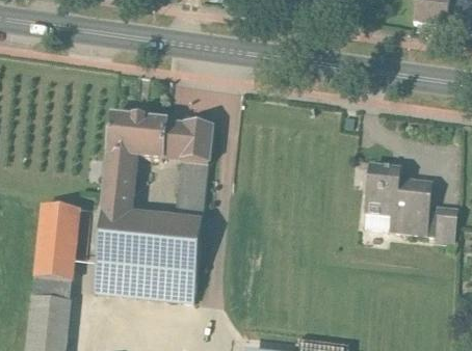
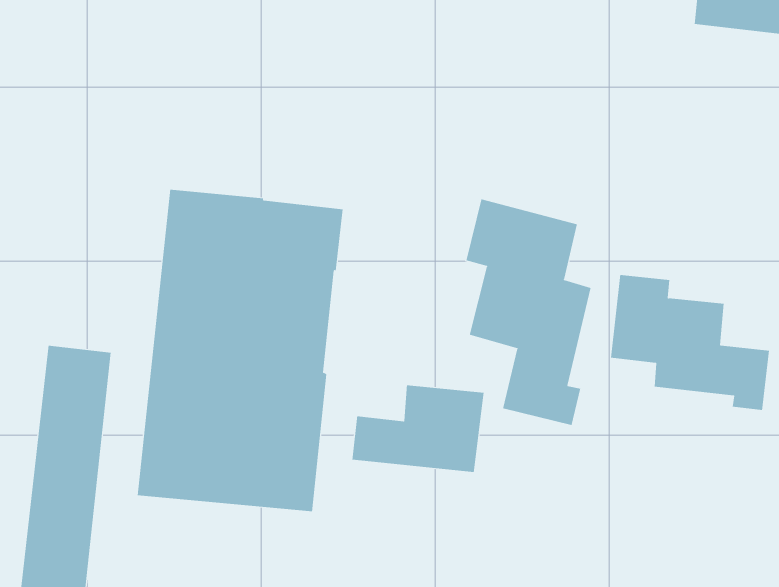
building: none -> [466,199,591,426]
building: none -> [352,384,484,473]

